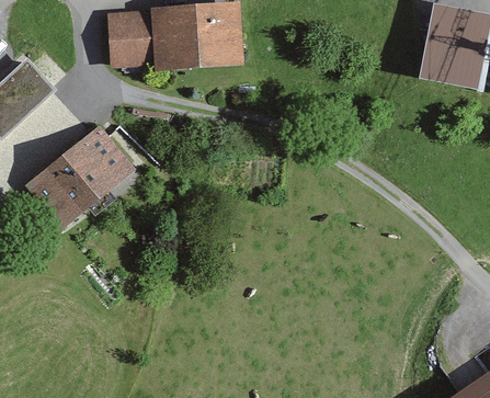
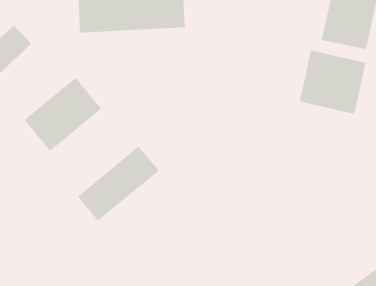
building: none -> [299,50,366,115]
building: none -> [77,145,160,222]

